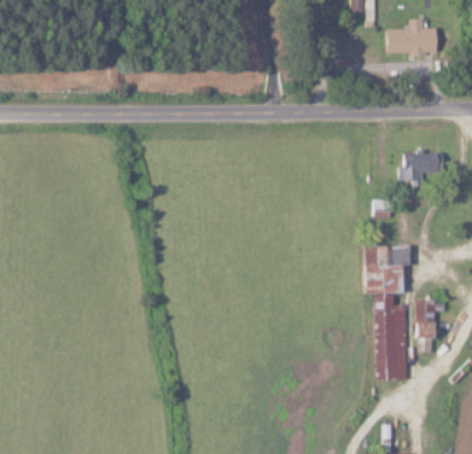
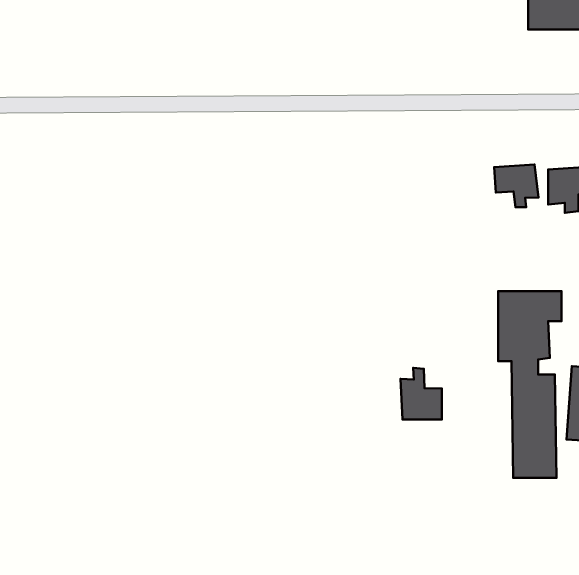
building: none -> [494,164,539,207]
building: none -> [401,368,442,419]

